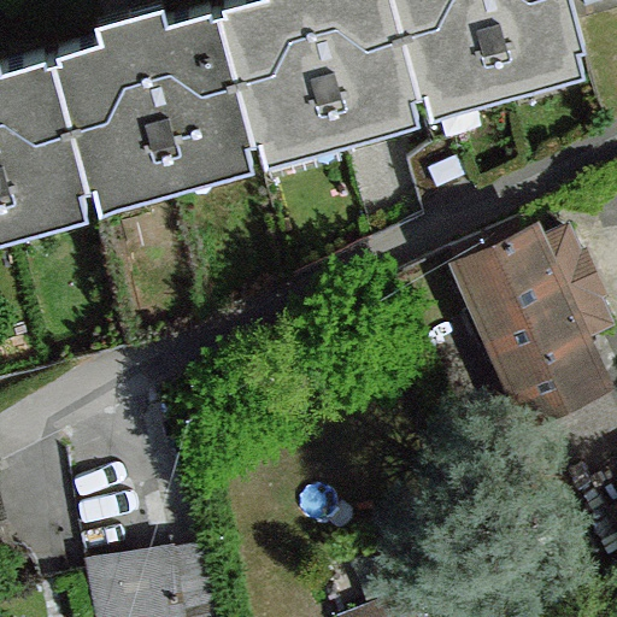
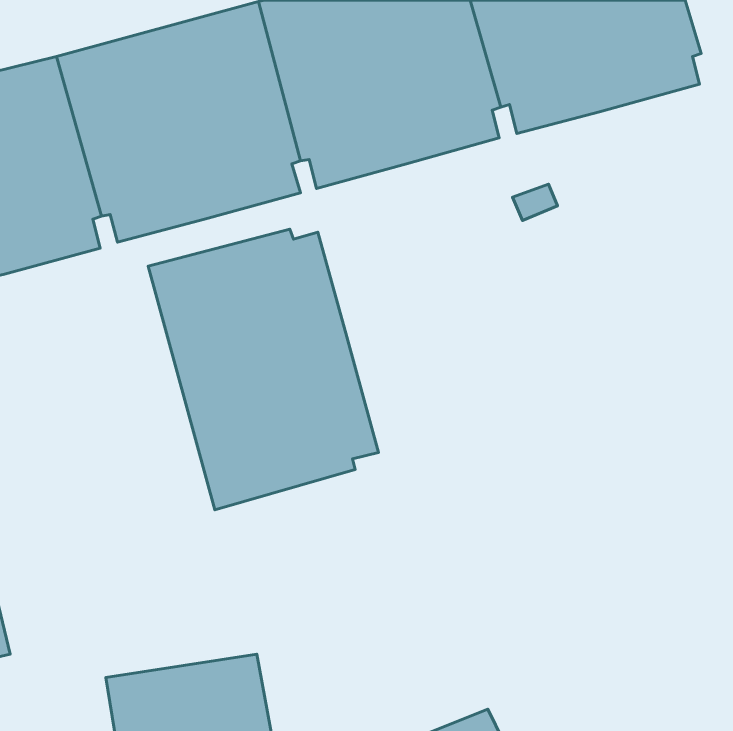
building: none -> [148,229,379,510]
building: [449,218,604,417] -> none

